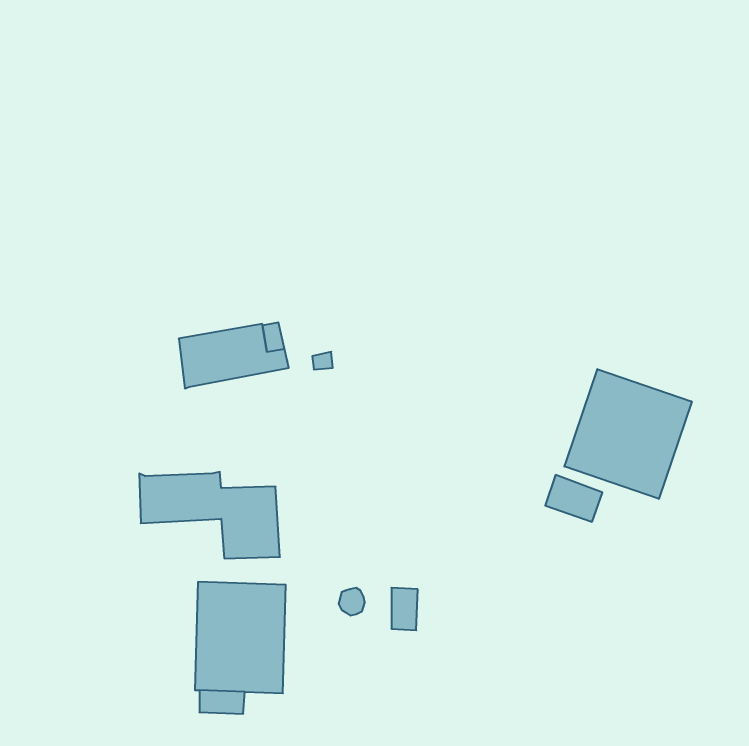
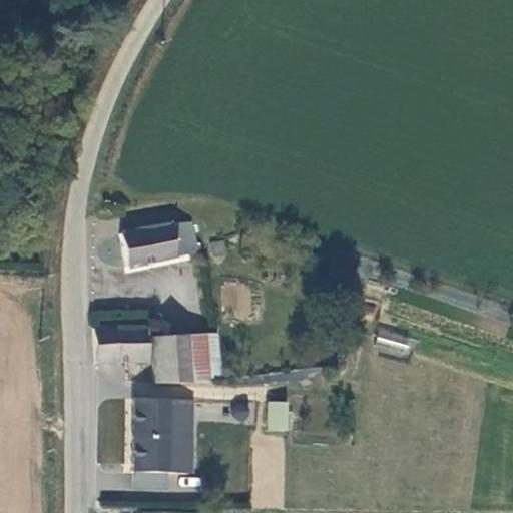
building: [564,369,692,499] -> none
building: none -> [188,332,219,382]

